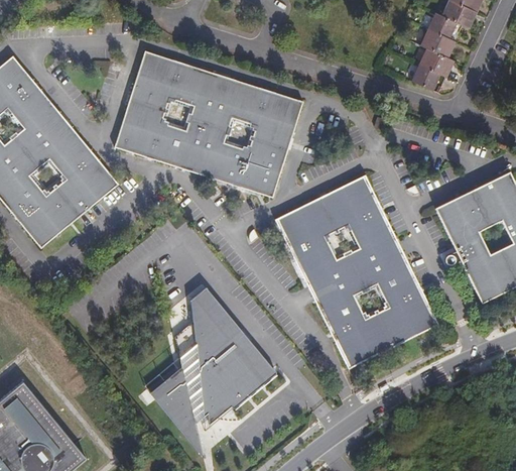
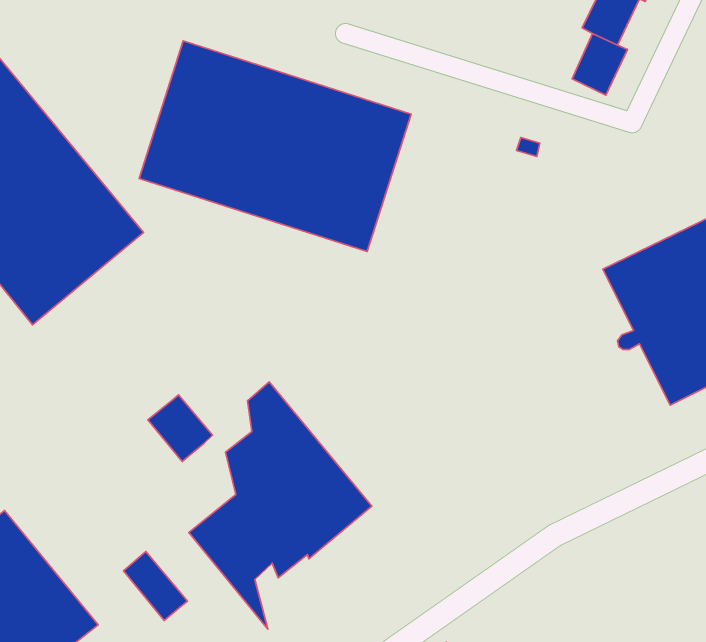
building: [275,175,437,367] -> none
building: none -> [148,395,212,461]
building: none -> [124,552,188,621]

